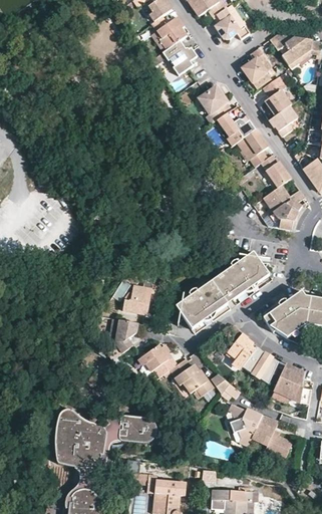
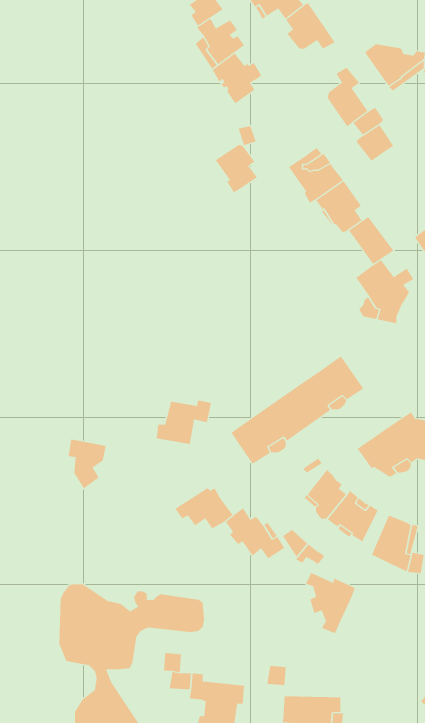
building: [198,88,228,122] -> [215,144,258,193]
building: [267,106,296,139] -> none
building: [111,317,138,352] -> [68,439,107,489]
building: [252,420,293,456] -> none

